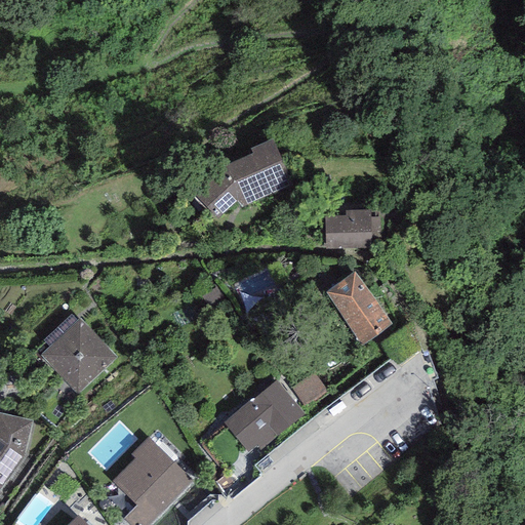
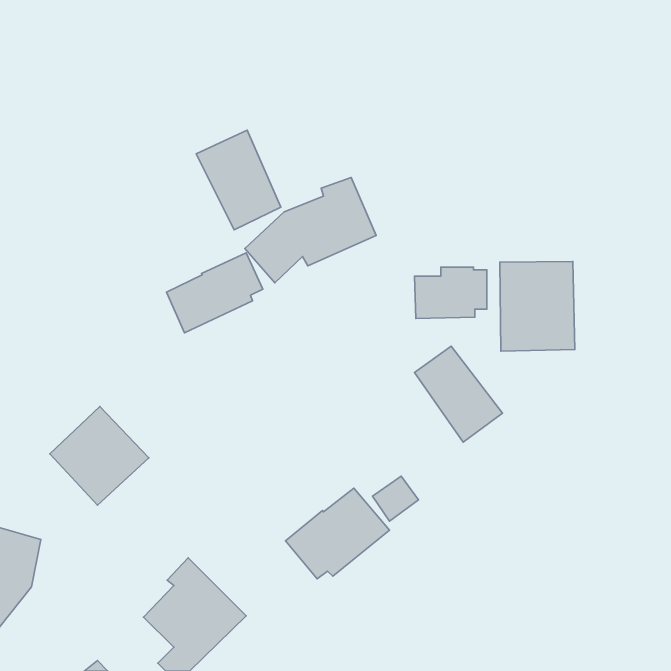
building: none -> [196,130,281,230]
building: none -> [166,253,263,333]
building: none -> [500,262,575,351]

